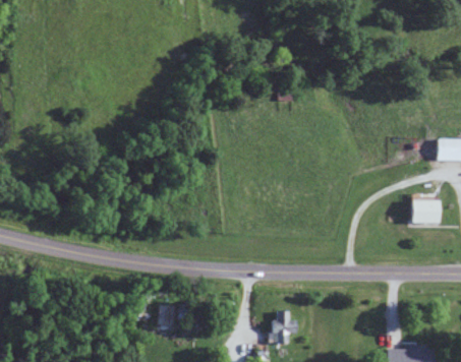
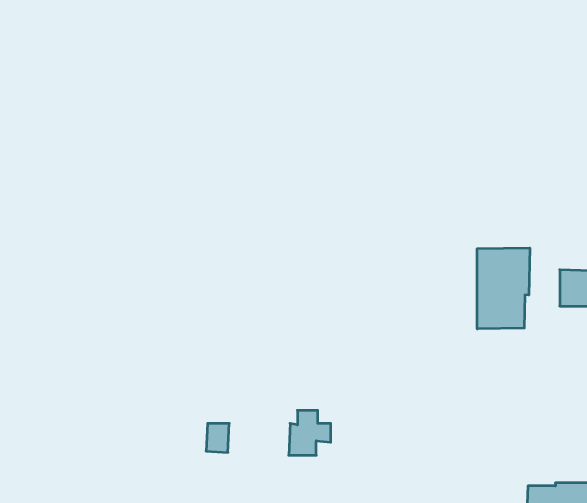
building: none -> [477,248,530,329]
building: [271,311,300,343] -> [289,410,331,455]

